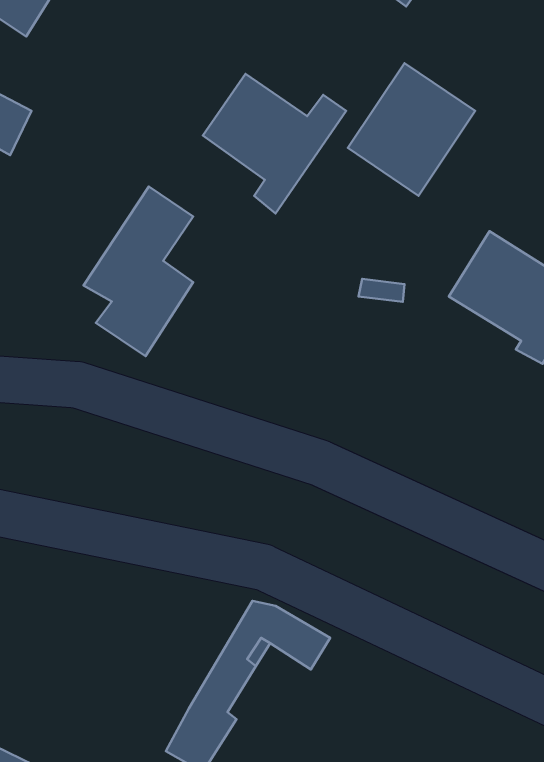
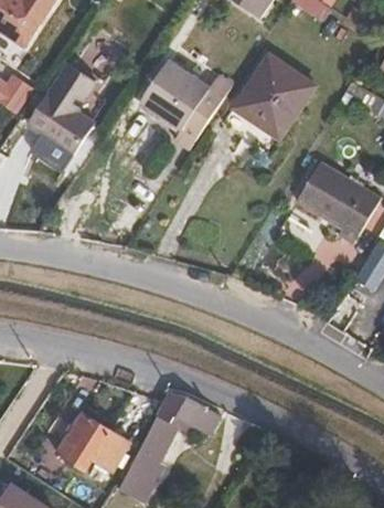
building: [84,187,193,356] -> [30,56,98,162]
building: none -> [51,419,126,480]

